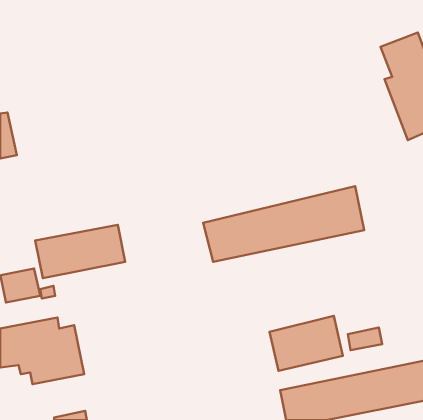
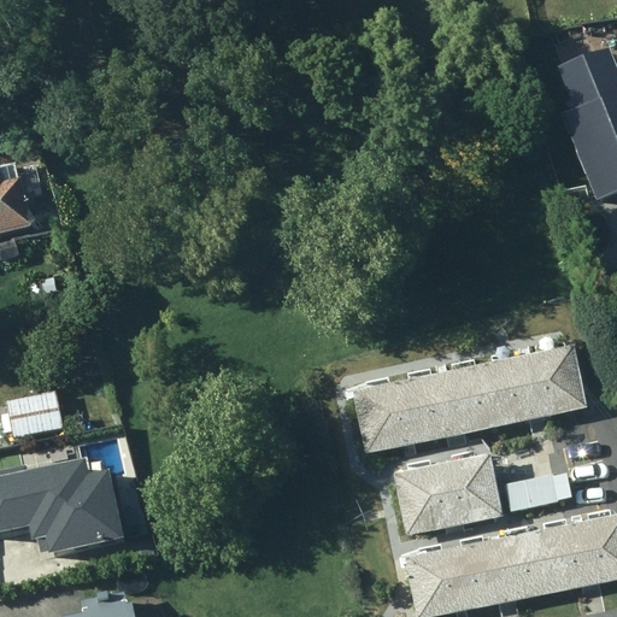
building: [203,186,364,262] -> [351,341,583,451]
building: [35,225,125,278] -> none

